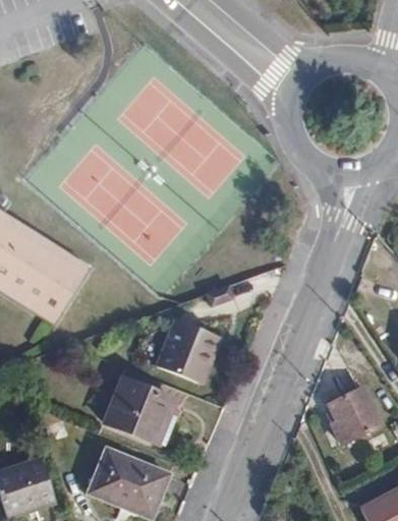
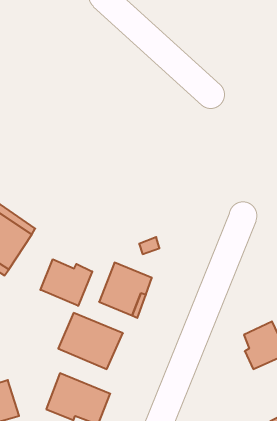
building: none -> [40,259,92,306]

